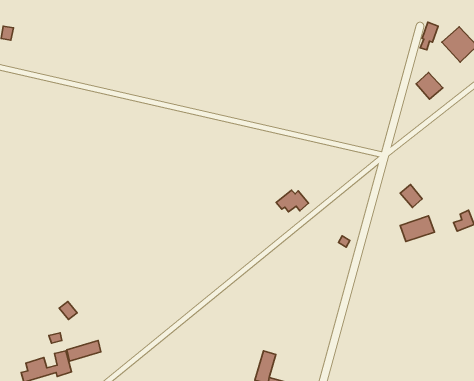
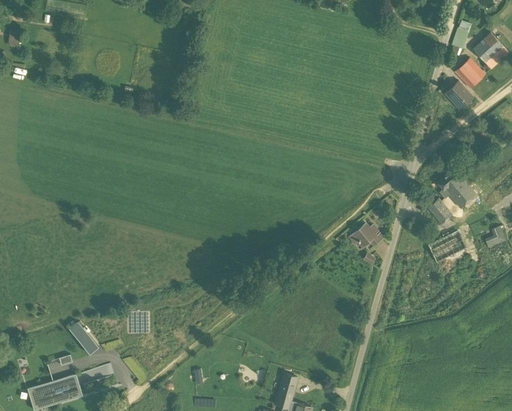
building: none -> [455,59,485,89]
building: none -> [437,168,476,208]
building: [276,190,309,212] -> [349,224,383,247]

